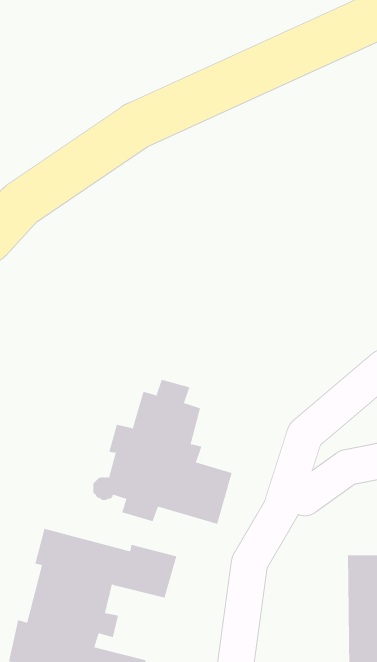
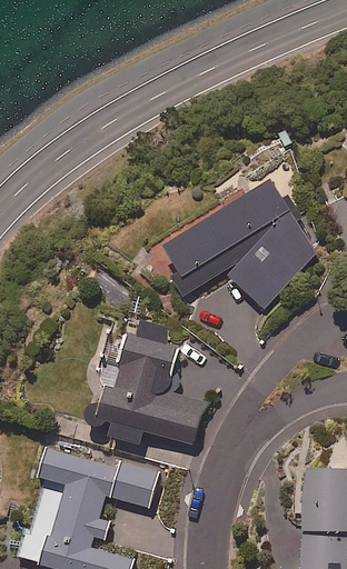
building: none -> [163,182,315,309]

